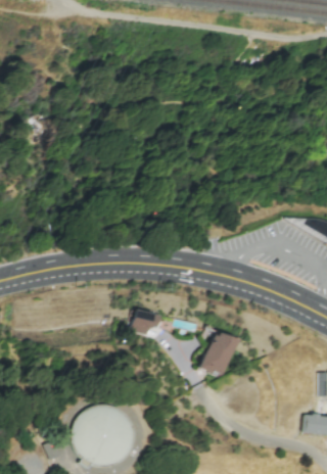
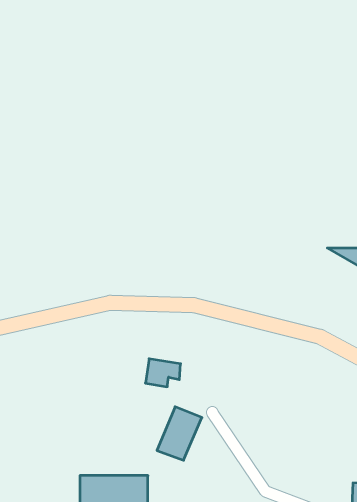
building: [199,331,237,376] -> [157,407,202,460]

